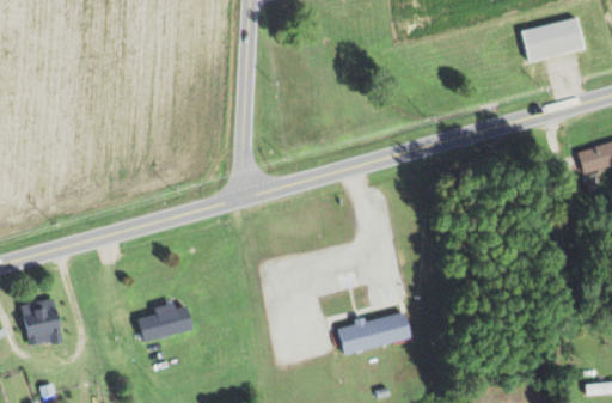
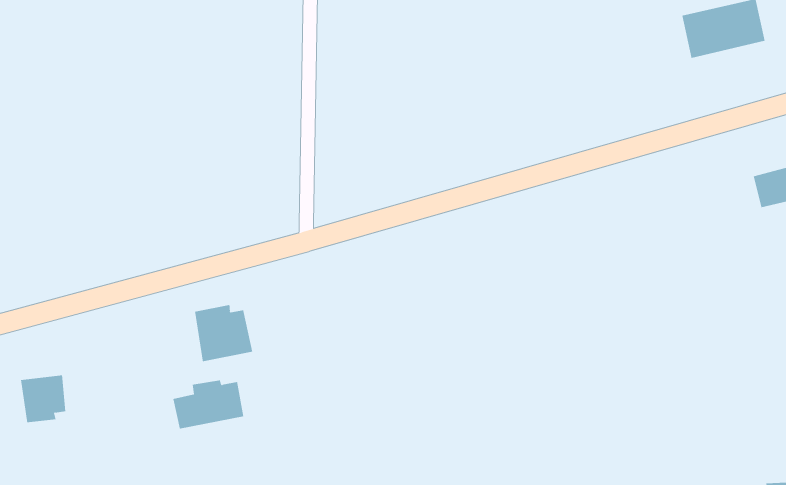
building: none -> [195,304,253,362]
building: [338,312,411,355] -> none

